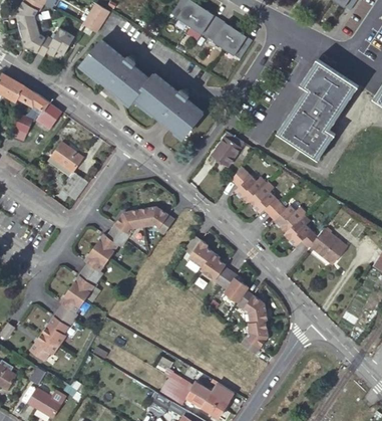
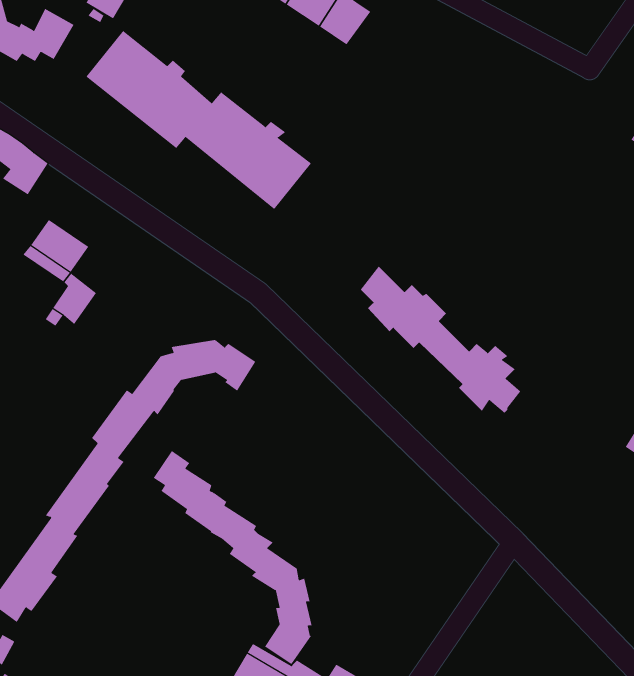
building: [223,29,252,58] -> none
building: [279,60,356,157] -> none
building: [212,130,244,166] -> none
building: [310,228,347,263] -> none
building: [184,235,271,352] -> [153,450,312,665]

